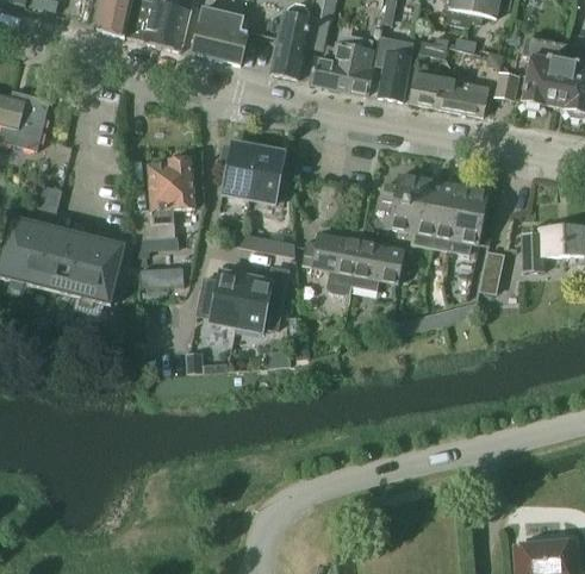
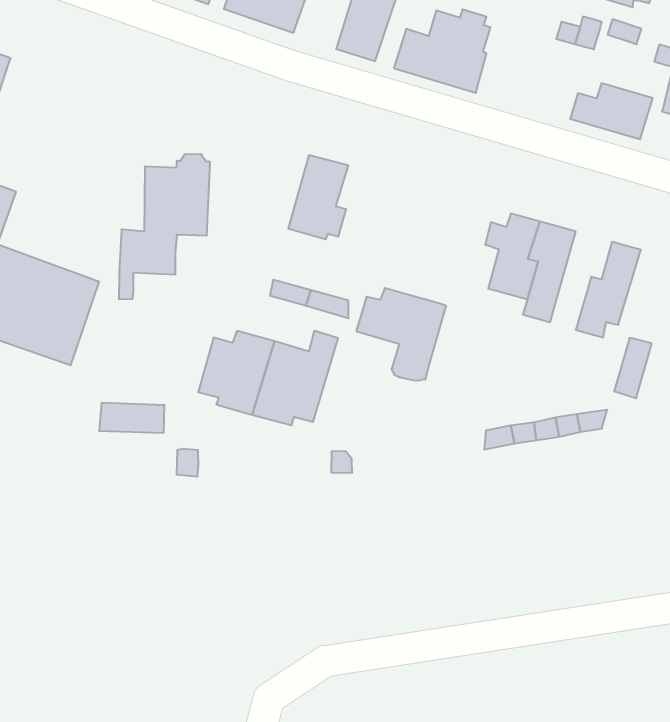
building: [375,37,413,100] -> none
building: [410,73,453,106] -> none
building: [220,142,259,198] -> none
building: [432,182,469,249] -> none
building: [353,241,405,288] -> none
building: [141,266,185,287] -> [99,403,165,433]

